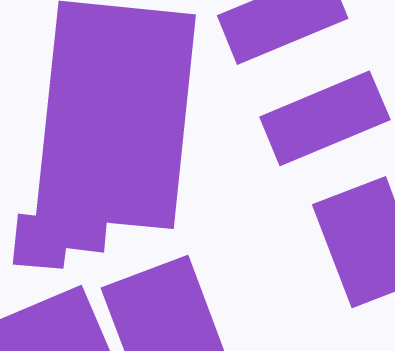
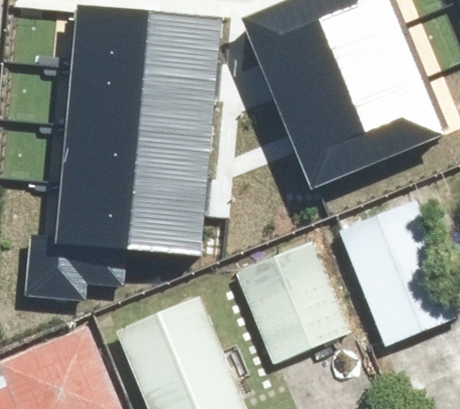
building: none -> [264,25,412,133]
building: none -> [234,233,363,371]

